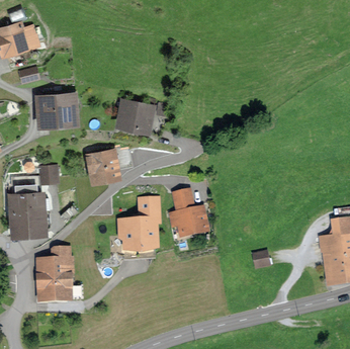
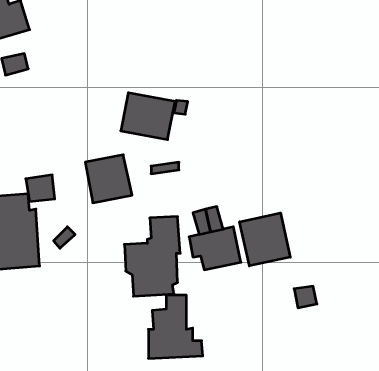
building: [33,91,80,129] -> none
building: none -> [240,213,290,266]
building: [38,250,82,300] -> [148,295,203,358]

